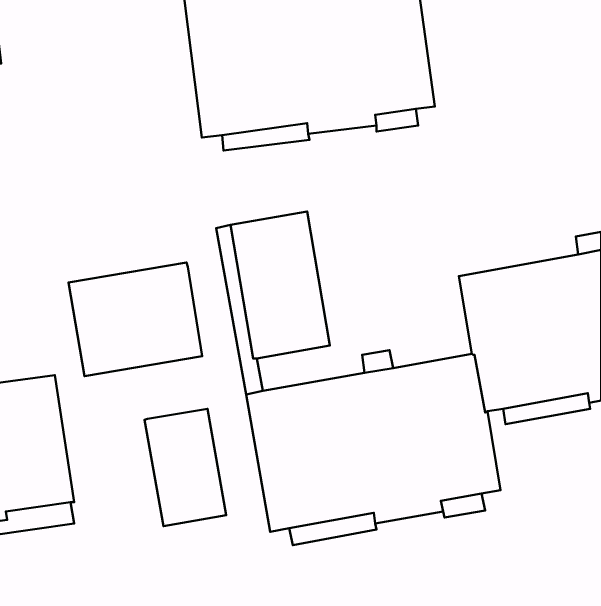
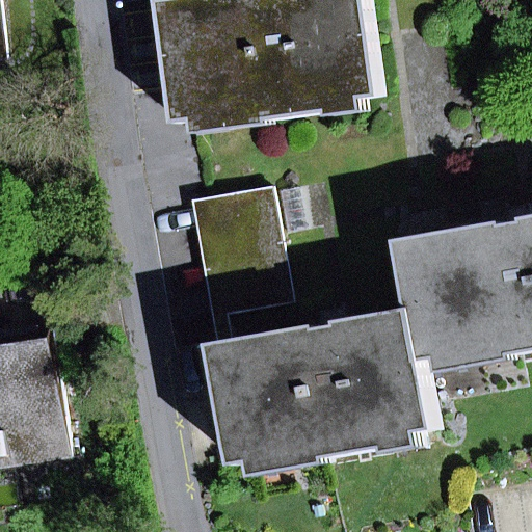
building: [69,263,202,376] -> none
building: [145,409,226,526] -> none

